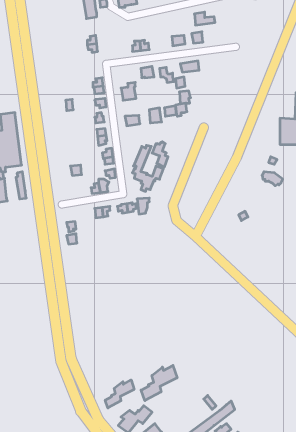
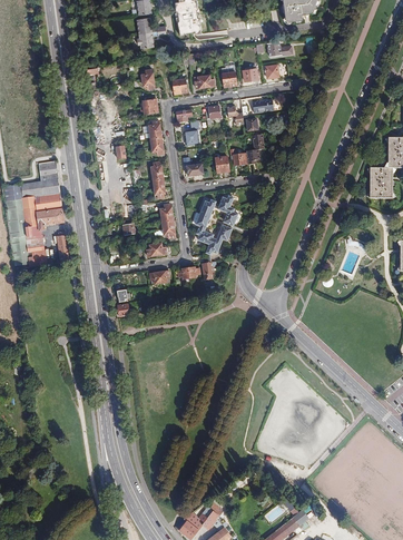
building: [141,365,177,401] -> none
building: [105,380,134,408] -> none

